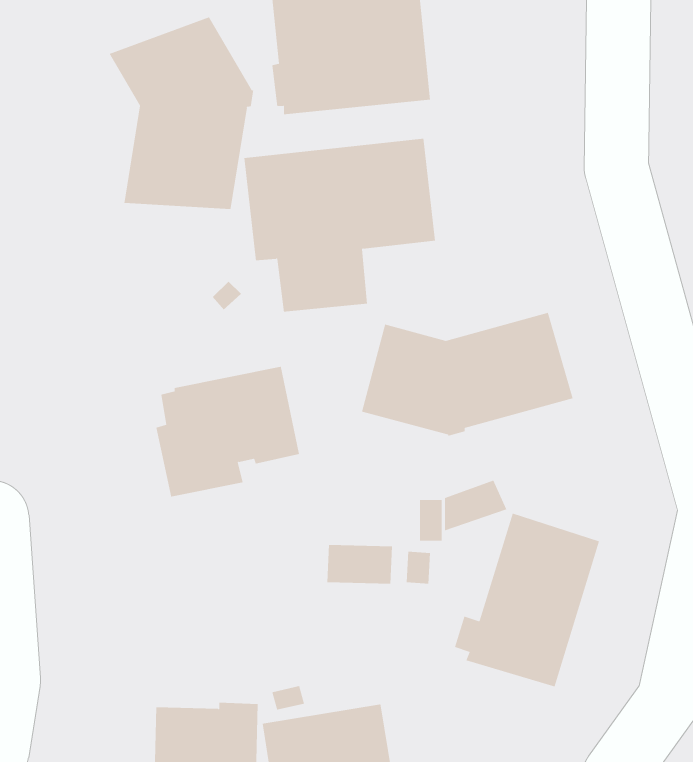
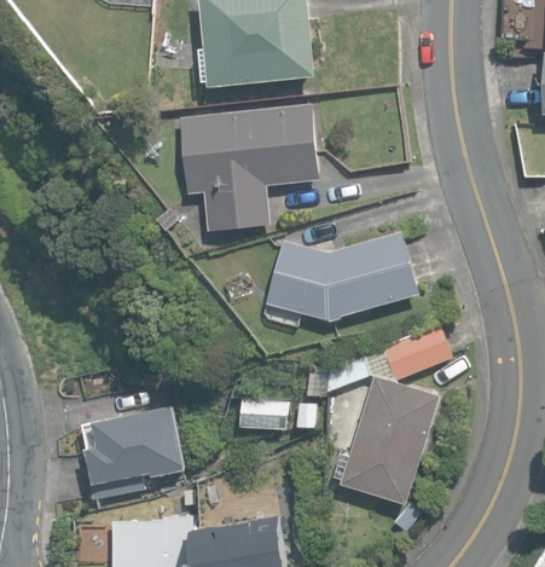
building: [109,16,254,210] -> none
building: [156,366,300,497] -> [79,405,184,501]
building: none -> [379,324,450,380]

